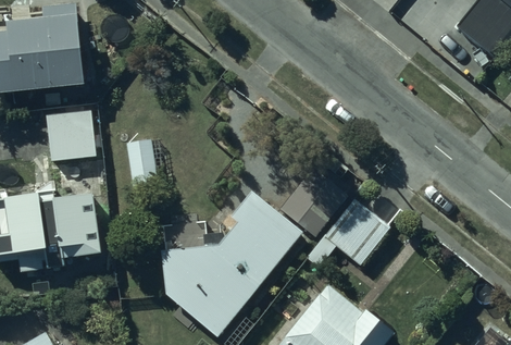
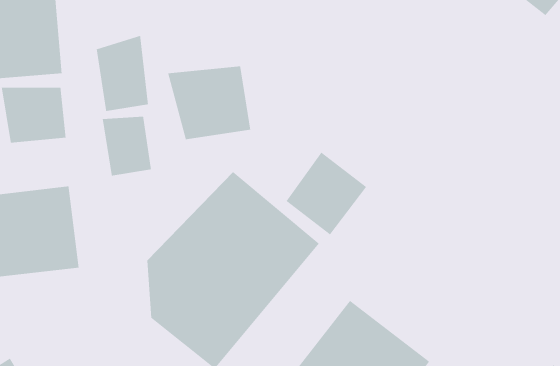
building: none -> [96,35,149,112]
building: none -> [167,66,251,140]
building: [321,199,388,268] -> none

